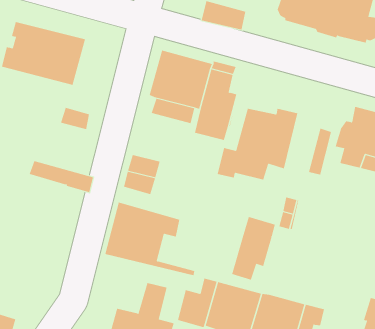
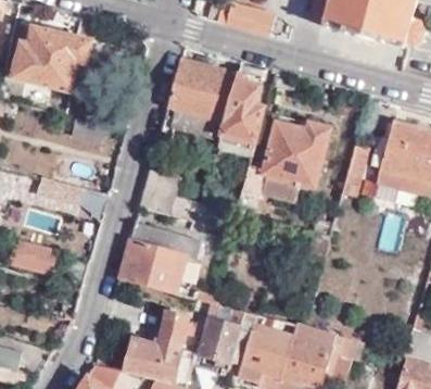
building: [231,216,275,280] -> none
building: none -> [10,240,55,275]

